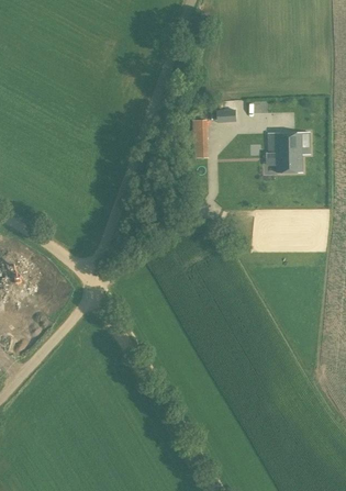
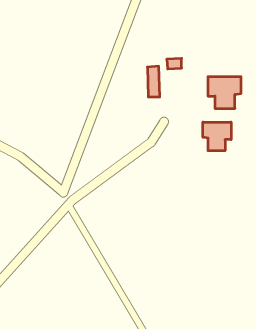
building: none -> [203,122,231,151]

